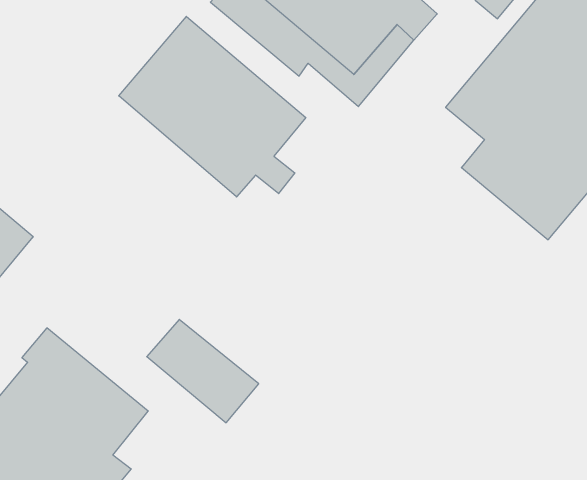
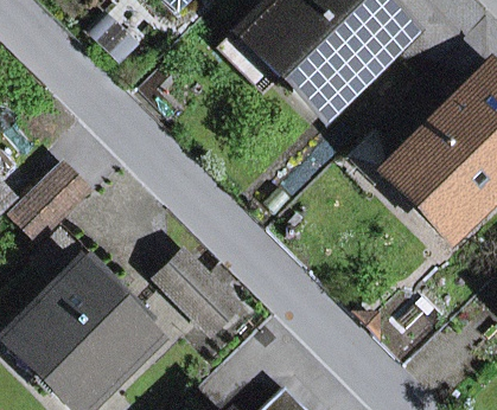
building: [119,16,306,197] -> none

